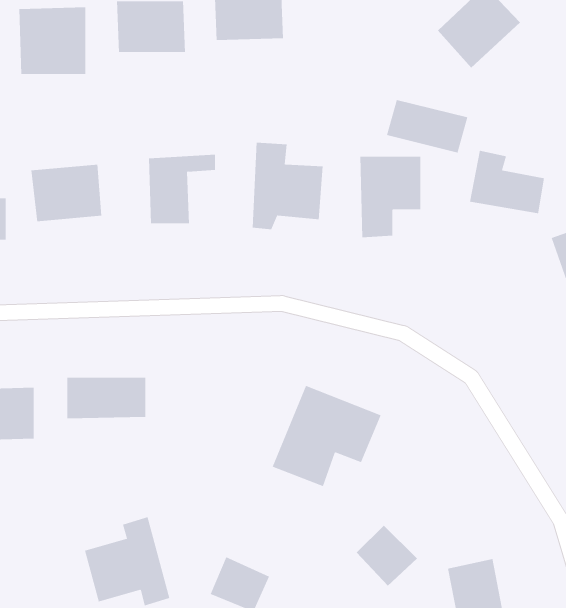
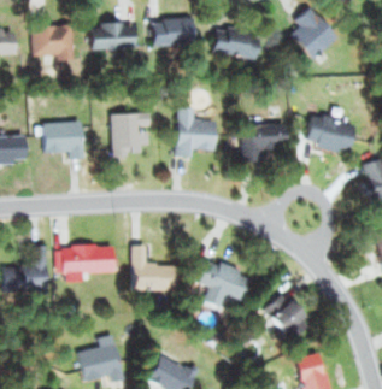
building: [386,99,468,153] -> [216,28,265,60]
building: none -> [130,246,175,282]
building: [356,525,418,586] -> [274,299,311,336]

